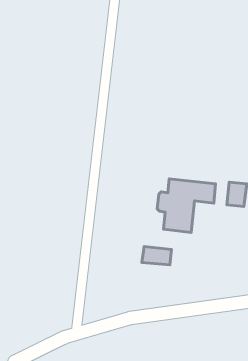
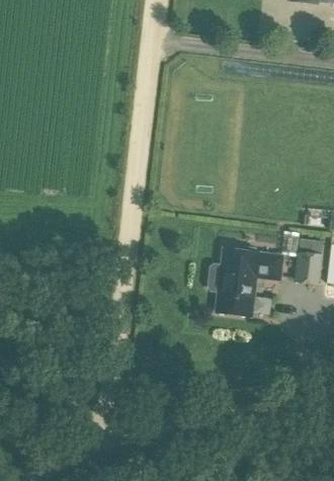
building: [142,247,172,265] -> none

